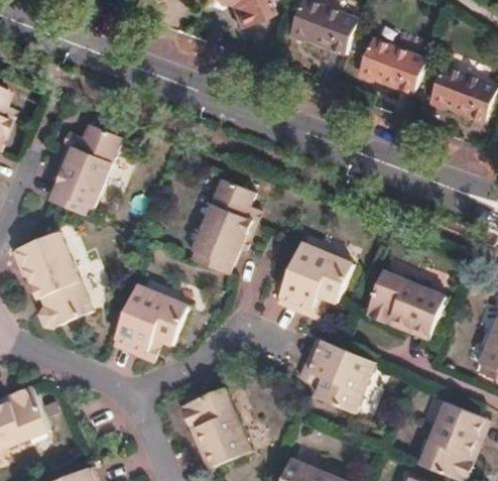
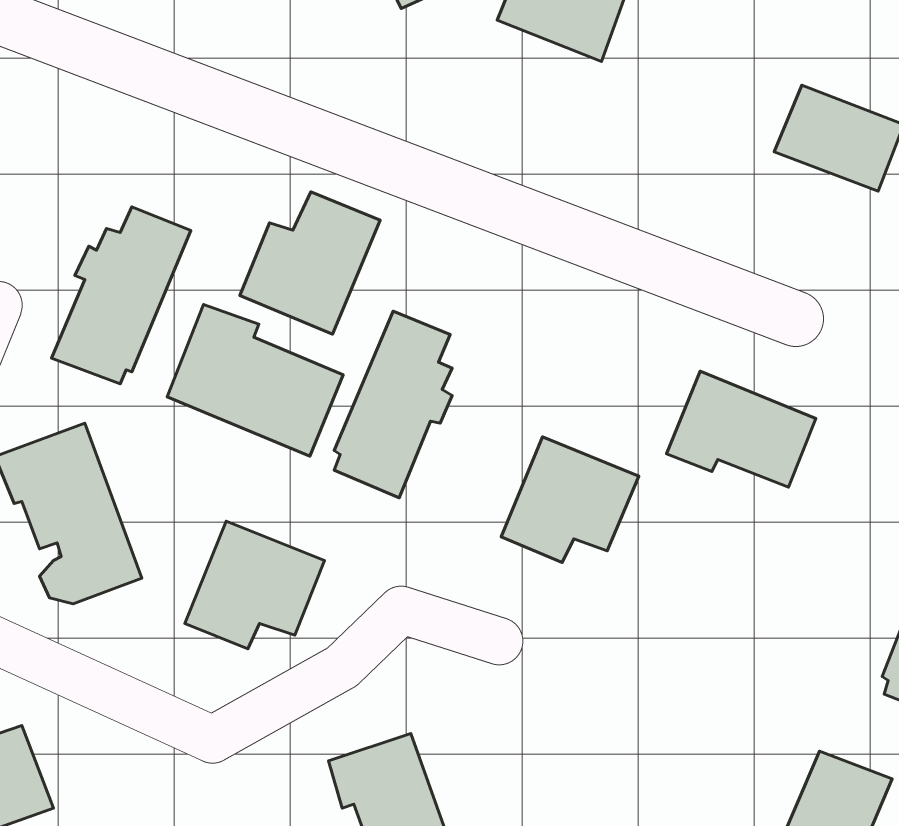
building: [348,33,415,89] -> none
building: none -> [240,192,380,334]
building: none -> [167,304,343,456]
building: [366,272,443,332] -> [667,371,816,487]
building: [313,341,377,413] -> none

